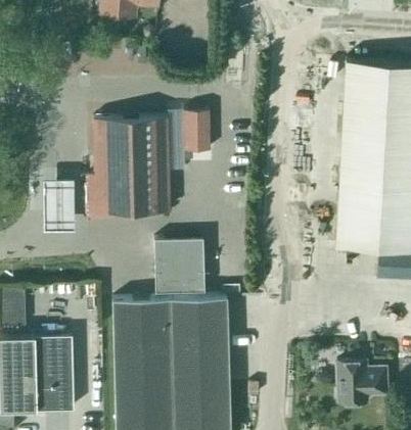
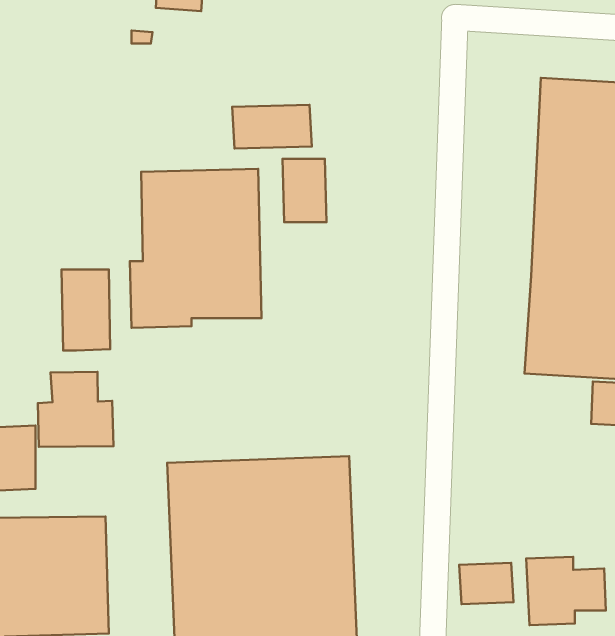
building: none -> [232,105,312,148]
building: [154,240,204,294] -> none
building: none -> [38,372,113,447]
building: none -> [459,563,514,604]

